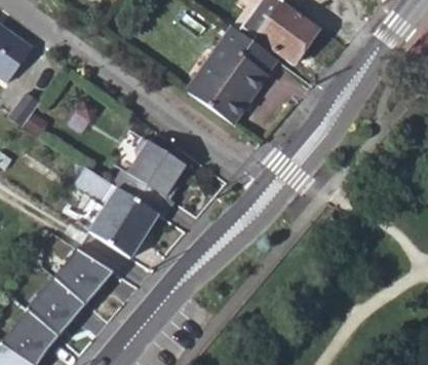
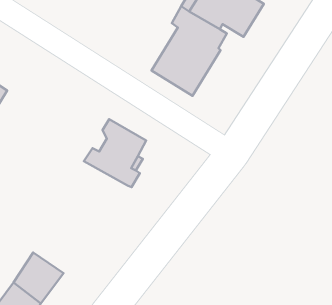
building: [73,168,158,258] -> none
building: [51,251,111,304] -> none

